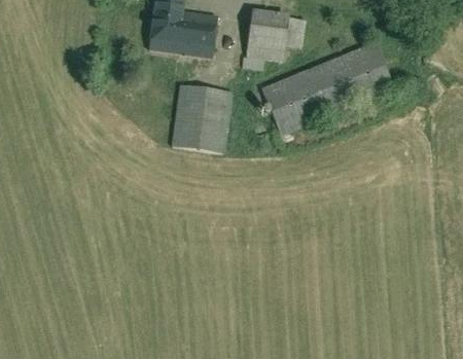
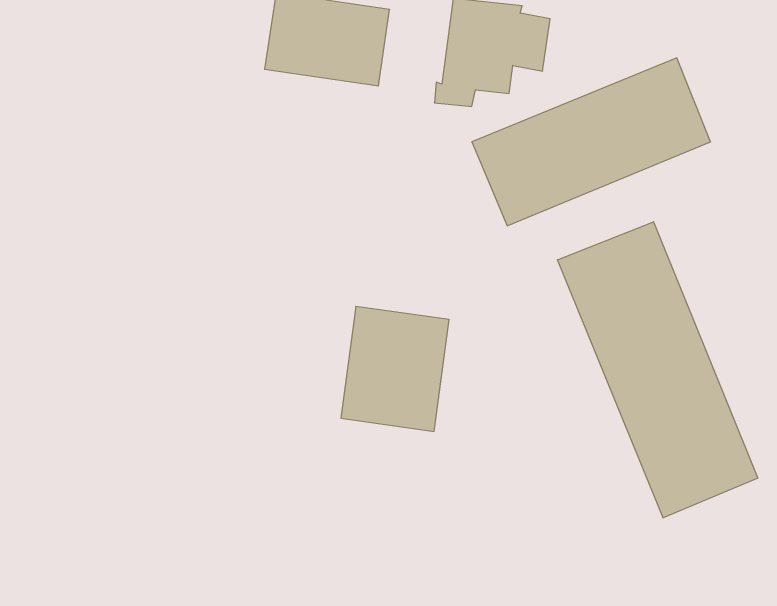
building: [172,83,232,152] -> [341,306,449,431]
building: none -> [557,222,758,518]

